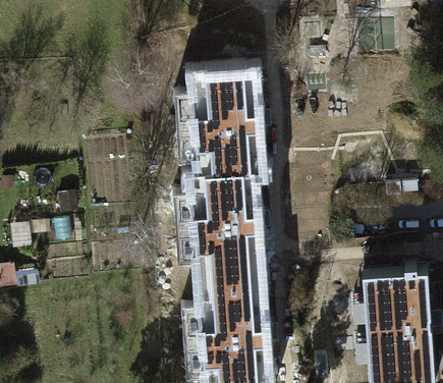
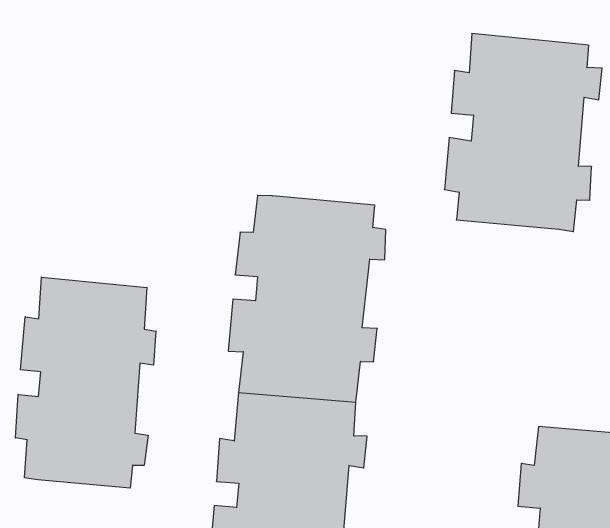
building: [181,70,266,176] -> [444,34,602,232]
building: none -> [16,277,156,488]

